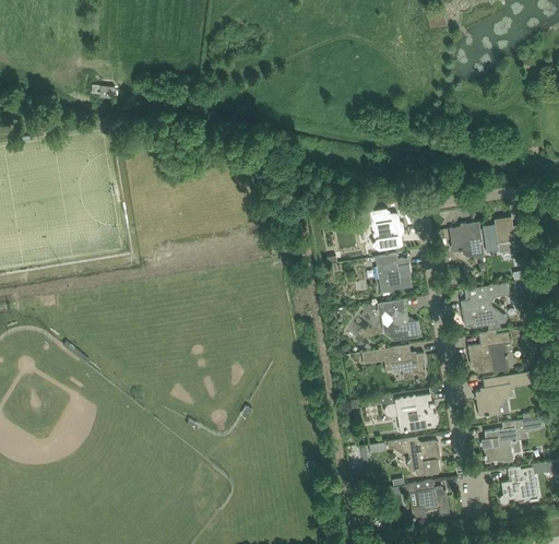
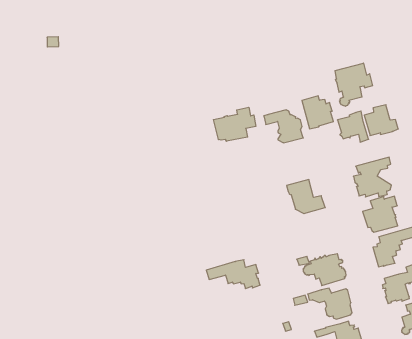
building: none -> [335,63,373,106]
building: none -> [213,107,256,141]
building: [376,253,412,293] -> [302,96,333,129]
building: [361,344,426,380] -> [206,260,260,289]

